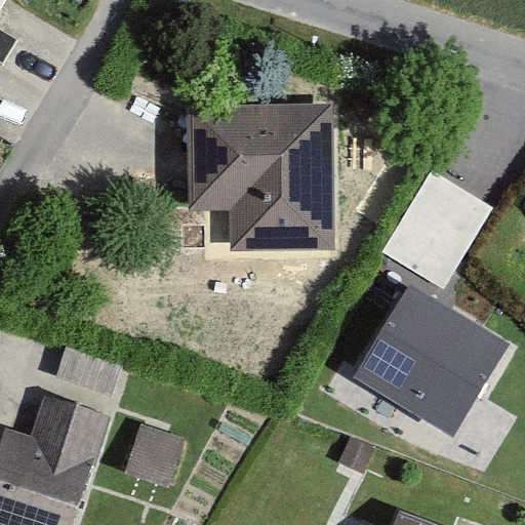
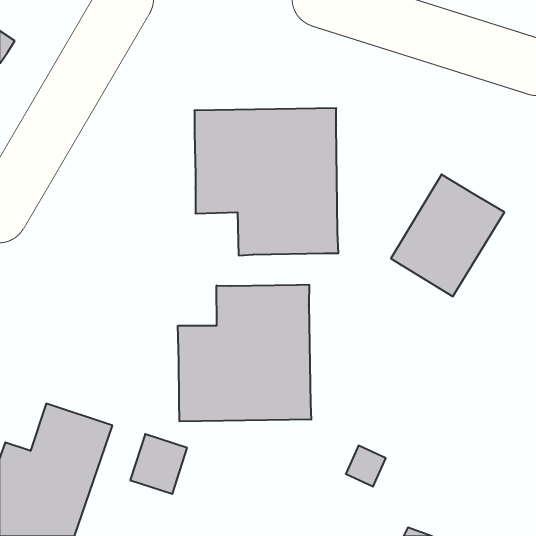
building: none -> [178,285,311,421]
building: [355,289,504,432] -> none

